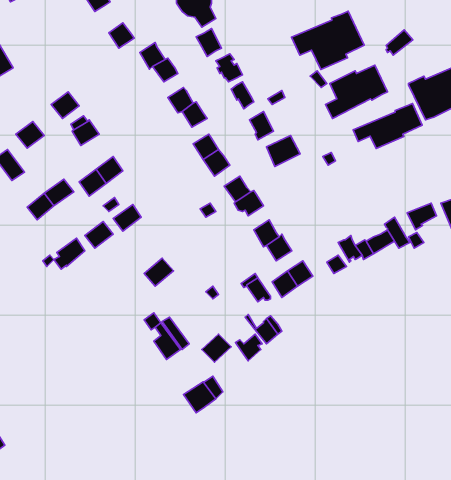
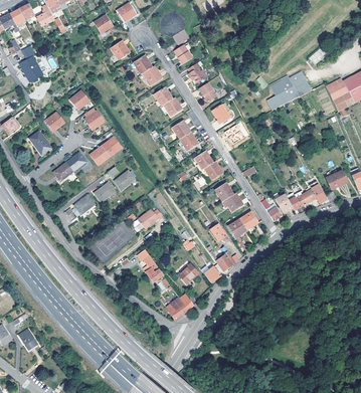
building: [292,11,364,69] -> none
building: [353,104,422,148] -> none

